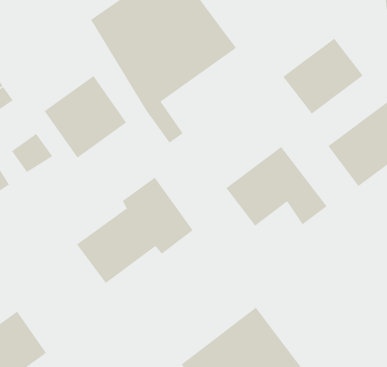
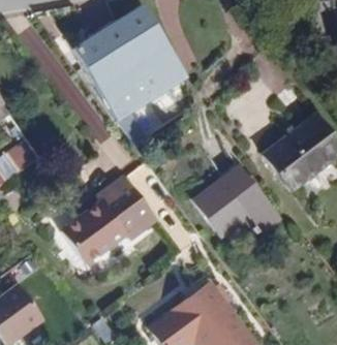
building: [282,38,364,114] -> none
building: [44,75,127,159] -> none

